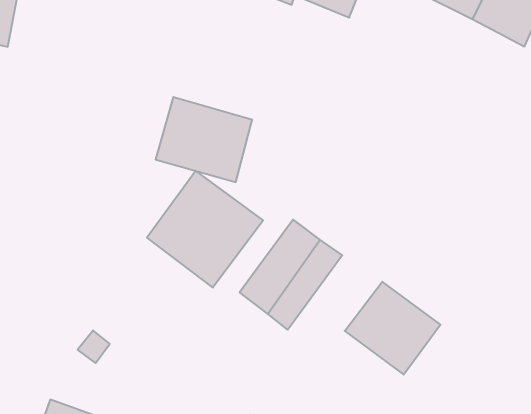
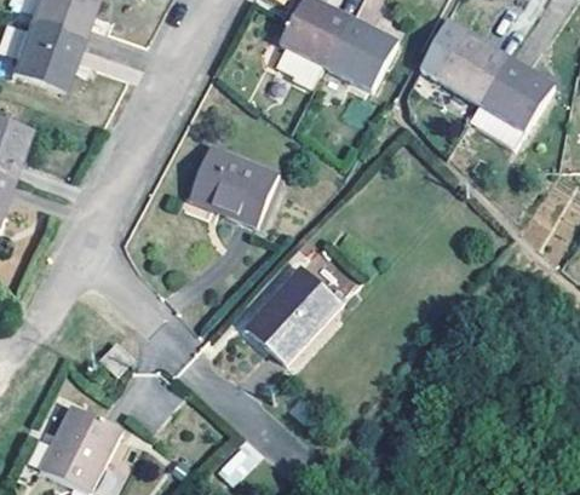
building: [147,171,263,288] -> none
building: [345,282,440,375] -> none

